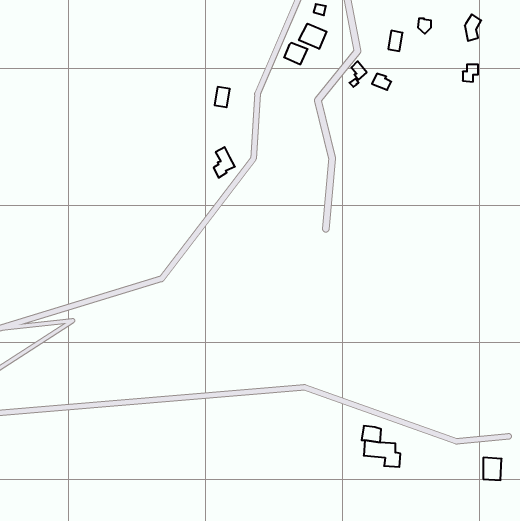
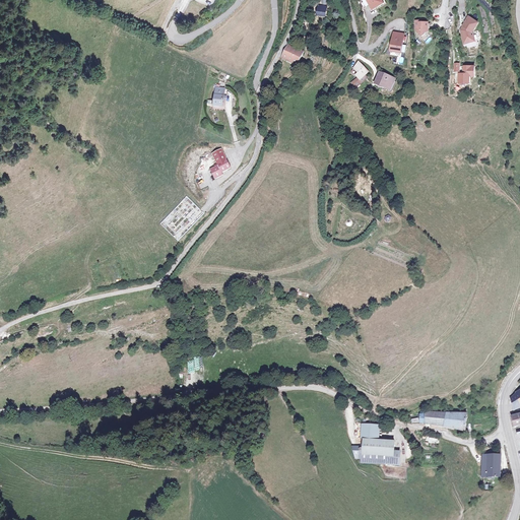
building: [299,24,327,49] -> none
building: none -> [418,409,466,432]

